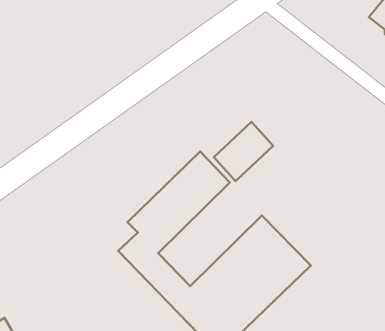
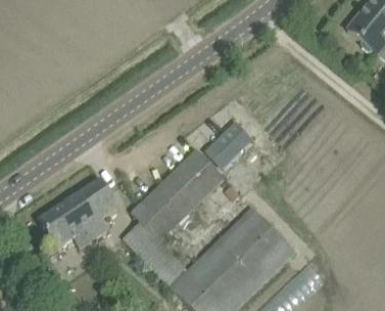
building: none -> [37,179,117,250]

